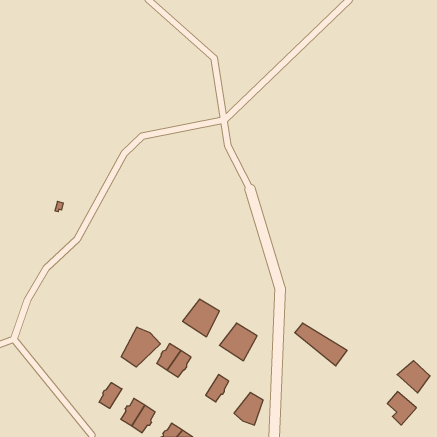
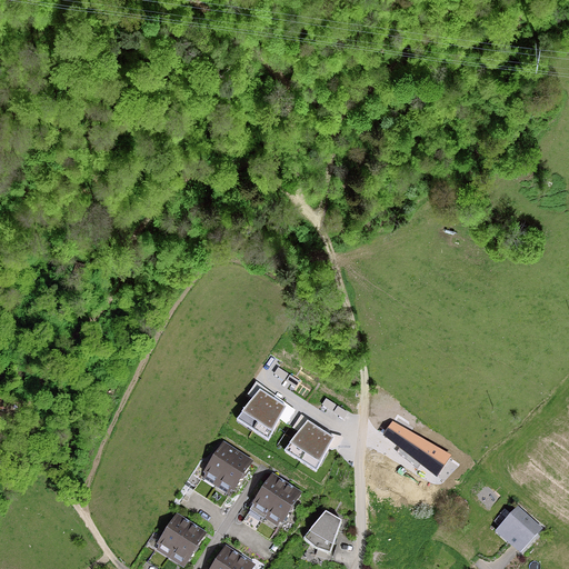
building: [121,327,160,367] -> none
building: [397,361,430,393] -> none
building: none -> [252,477,283,512]
building: [99,383,122,408] -> none

